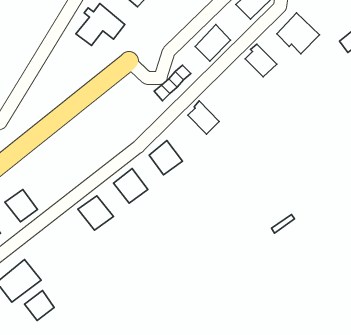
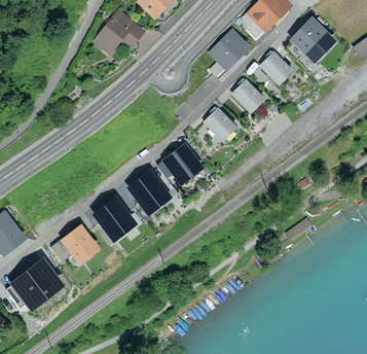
building: none -> [233,79,264,112]
building: [5,190,37,222] -> [64,227,96,259]
building: [24,290,54,320] -> none

